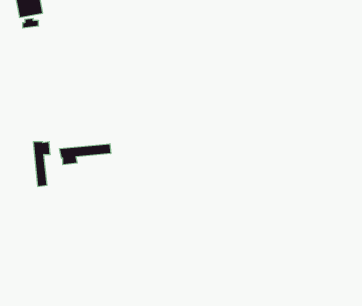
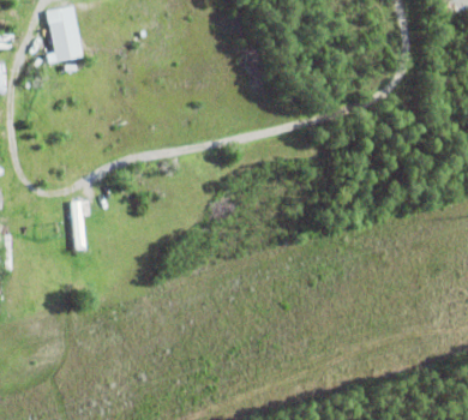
building: [60,144,111,165] -> none

